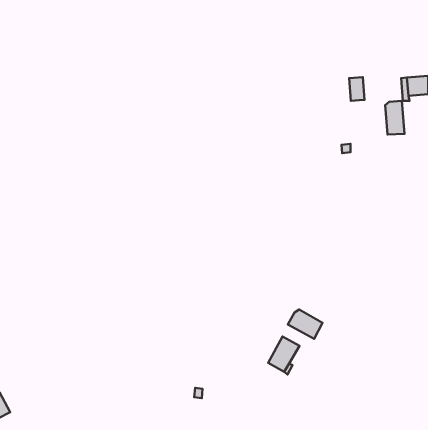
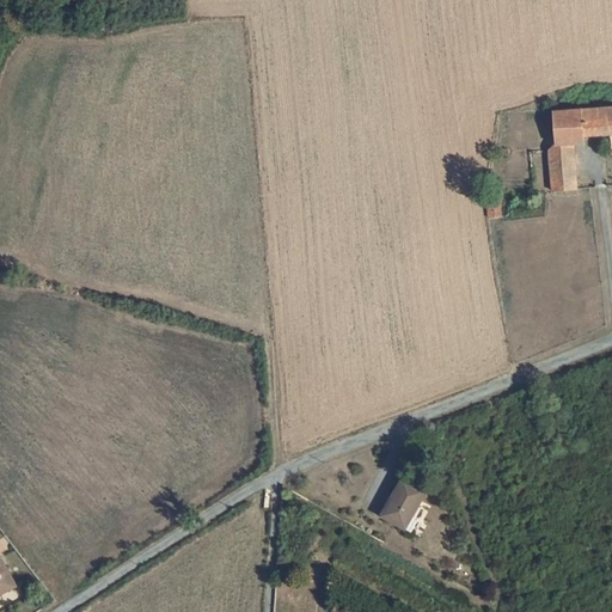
building: [349,77,364,101] -> [551,111,573,145]
building: [288,310,322,339] -> none

